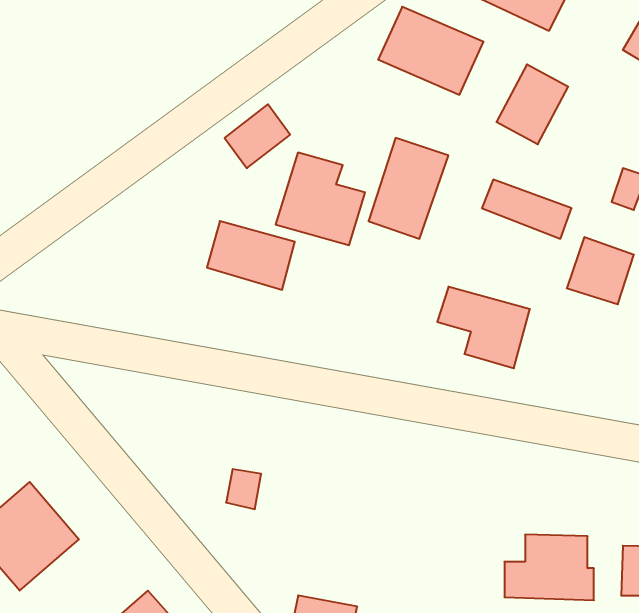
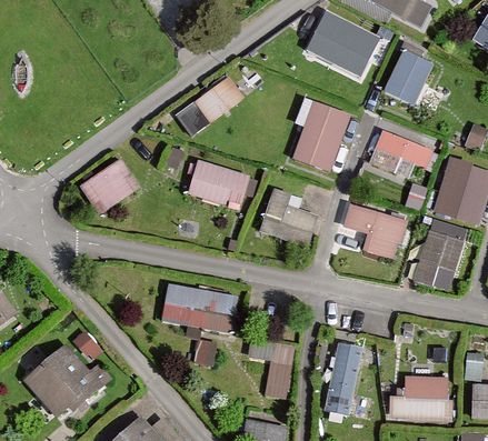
building: [276,153,365,245] -> [257,187,319,251]
building: none -> [77,158,135,212]
building: none -> [415,230,466,291]
building: none -> [161,284,237,332]
building: none -> [248,339,296,398]
building: none -> [325,342,362,415]

